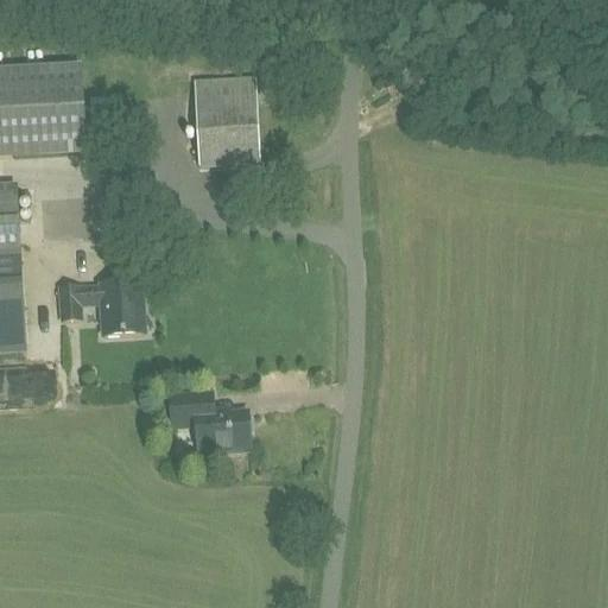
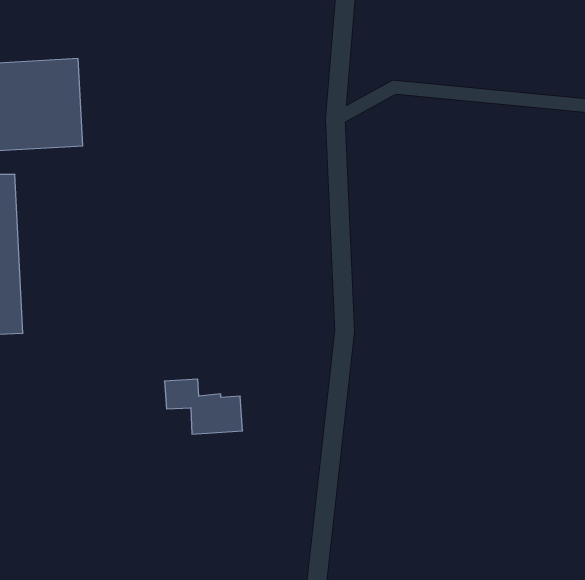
building: [194,75,260,164] -> none
building: [59,280,144,334] -> none

